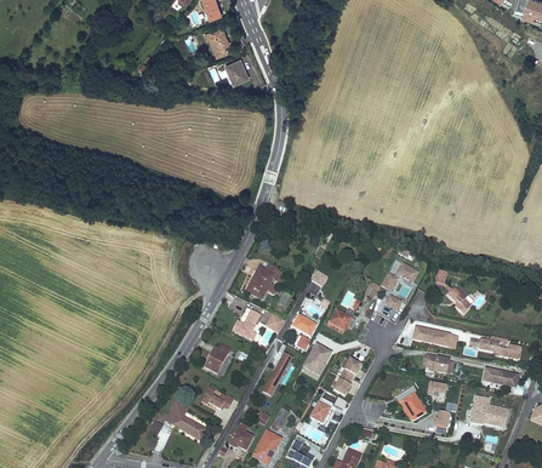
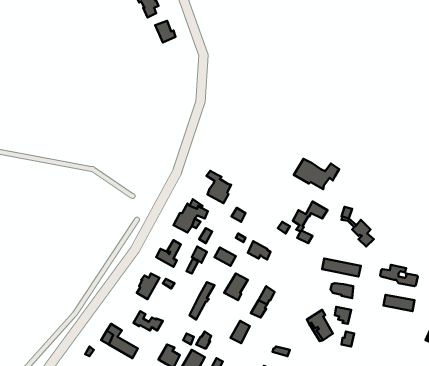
building: none -> [294,159,339,189]
building: none -> [206,171,231,203]
building: [470,395,509,427] -> none

